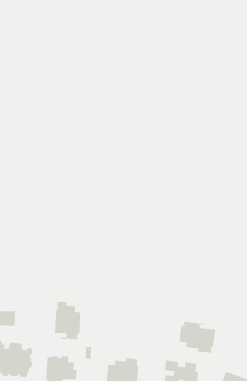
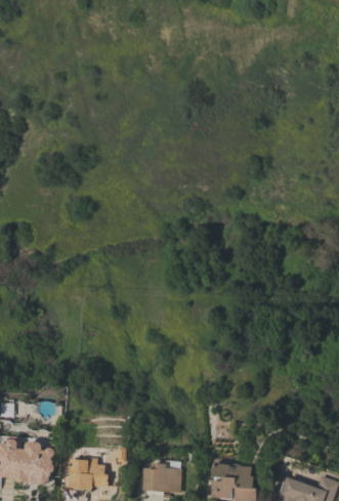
building: [54,301,81,340] -> none
building: [178,321,216,354] -> none

